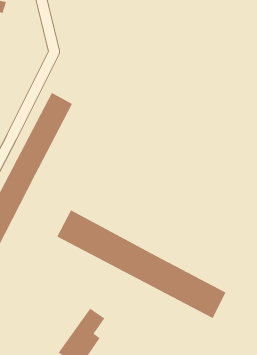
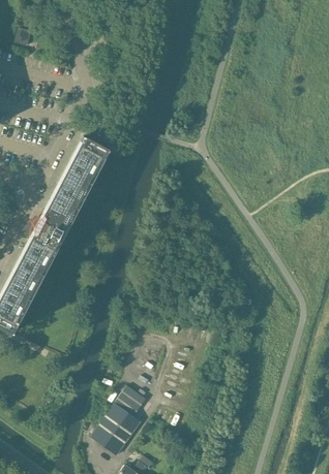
building: [57,210,226,319] -> none

